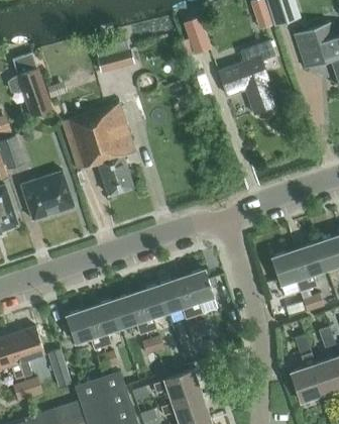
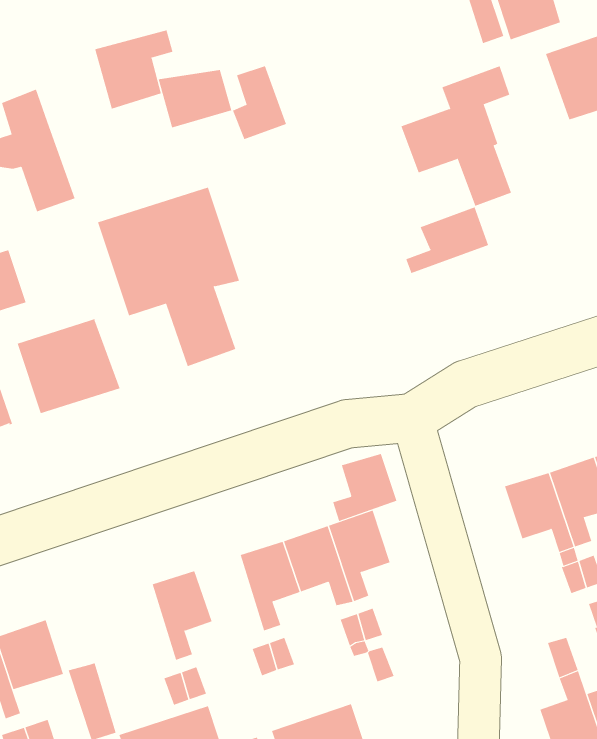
building: [183,18,211,57] -> [232,65,287,140]
building: none -> [95,29,173,109]
building: none -> [405,206,489,274]
building: none -> [332,453,397,522]
building: [113,293,148,334] -> none
building: [67,308,103,350] -> none

